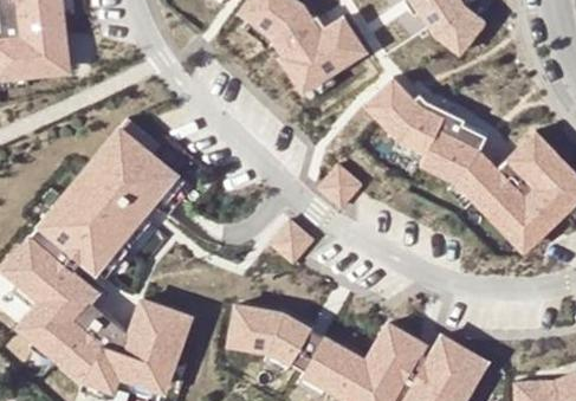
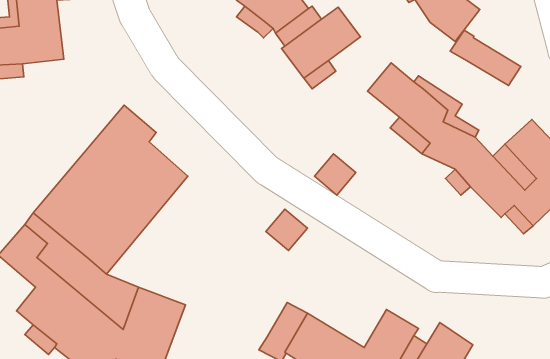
building: none -> [450,30,521,85]
building: [229,306,291,350] -> none

